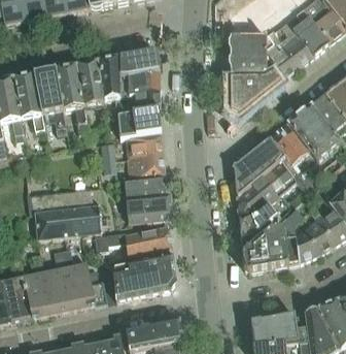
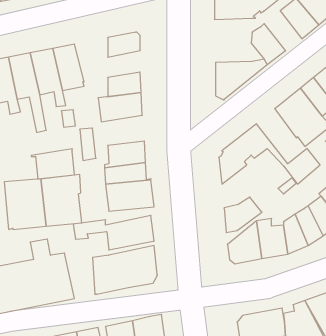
building: [277,29,313,67] -> none
building: [230,36,277,78] -> none
building: [96,56,120,97] -> none
building: [128,67,159,93] -> none
building: [270,123,308,164] -> none
building: [122,129,163,158] -> [31,149,74,179]
building: [237,161,298,218] -> none

